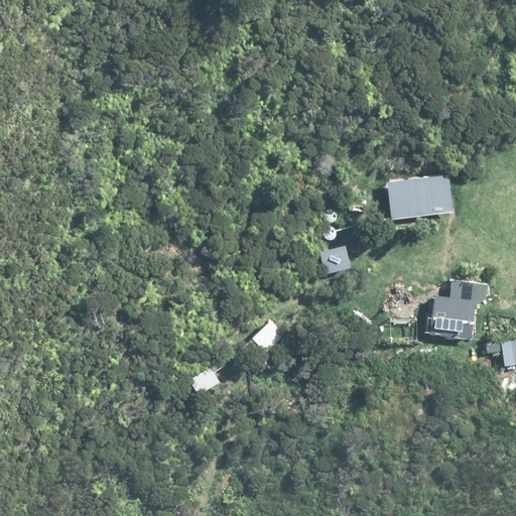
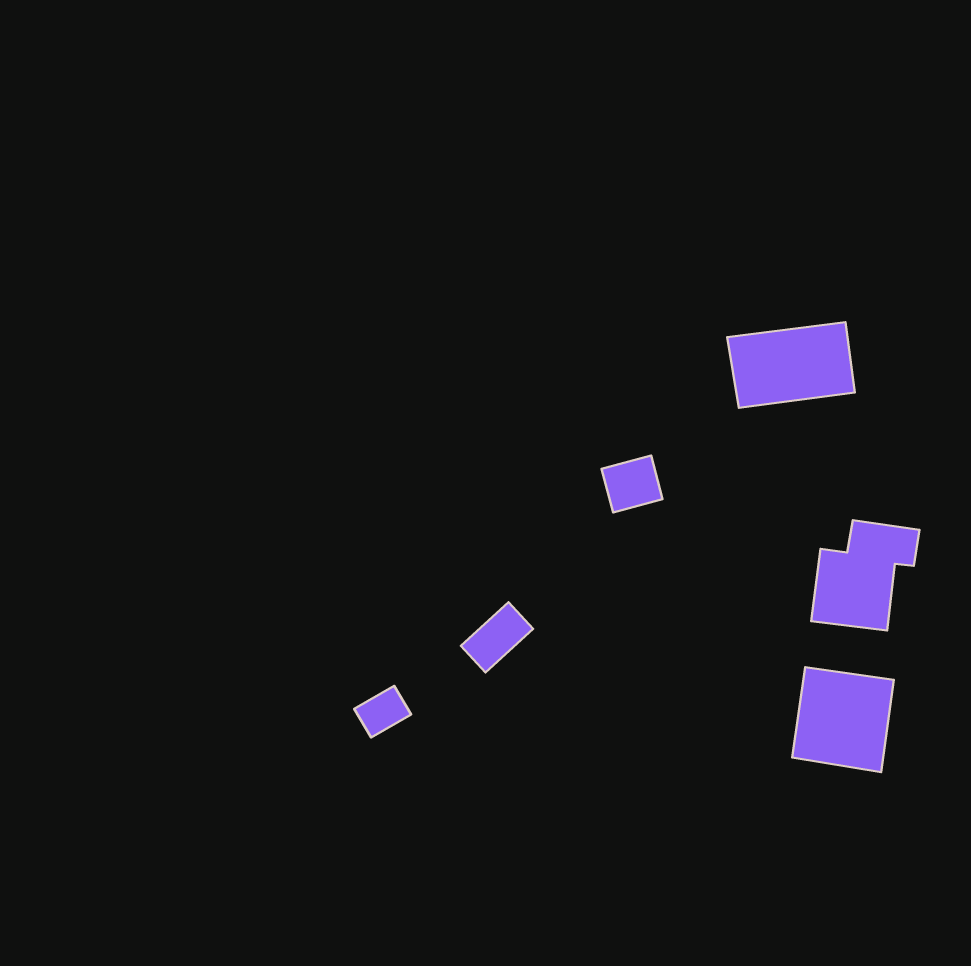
building: none -> [792,667,894,772]

